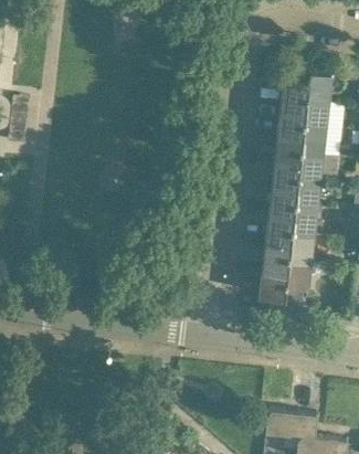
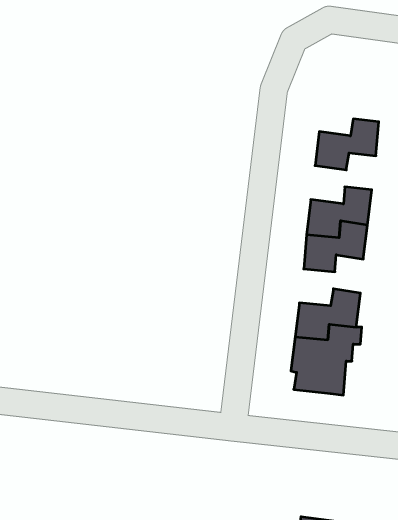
building: [282,73,331,114] -> none
building: [275,127,326,167] -> none
building: [266,207,316,246] -> none

